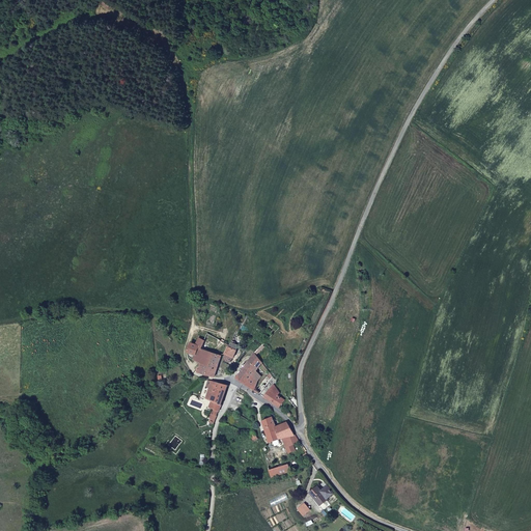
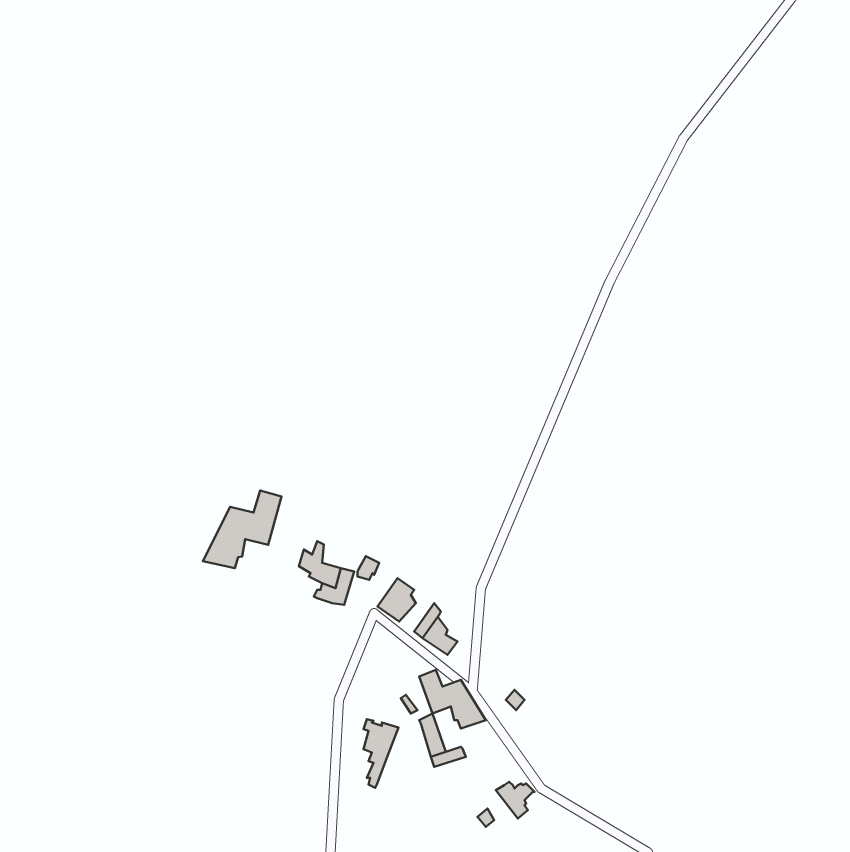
building: none -> [203,490,281,568]
building: [204,380,226,422] -> [364,719,399,788]

